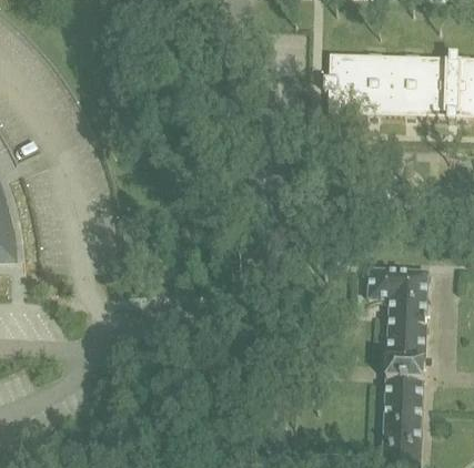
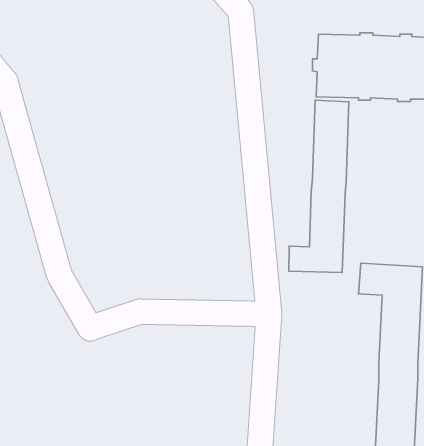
building: none -> [289,100,349,273]

